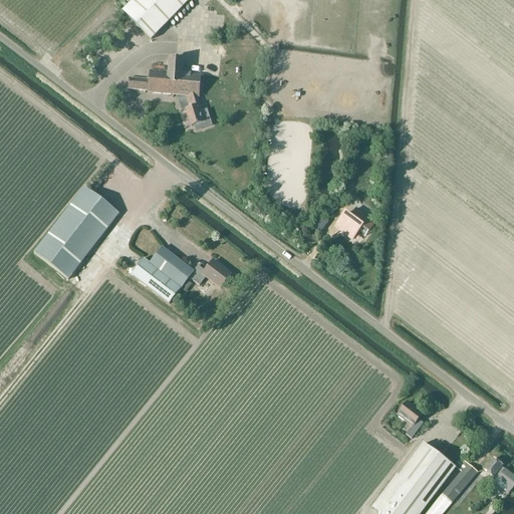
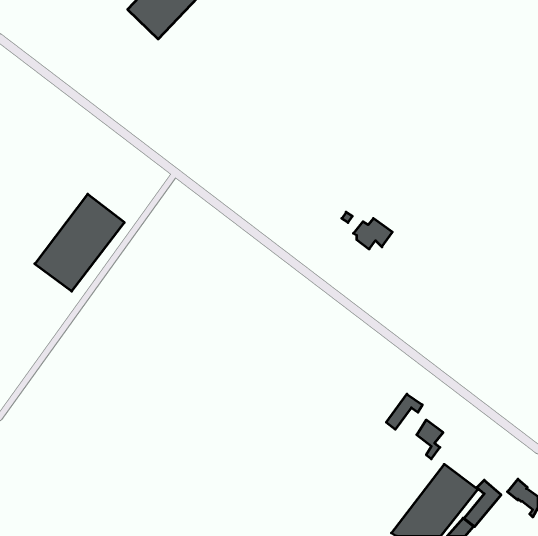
building: [126,56,202,124] -> none
building: [130,244,230,302] -> none
building: none -> [386,394,422,429]

